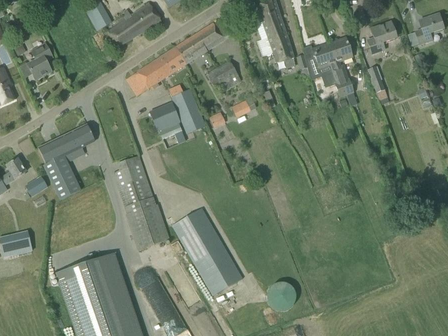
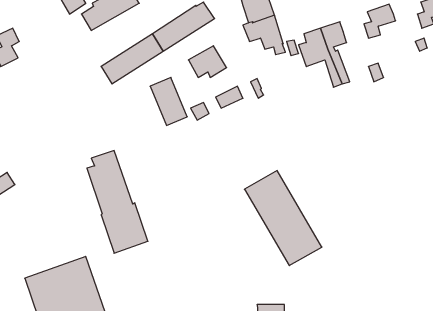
building: [149,102,182,137] -> none
building: [38,123,94,198] -> none
building: [171,207,242,294] -> [244,171,322,266]

